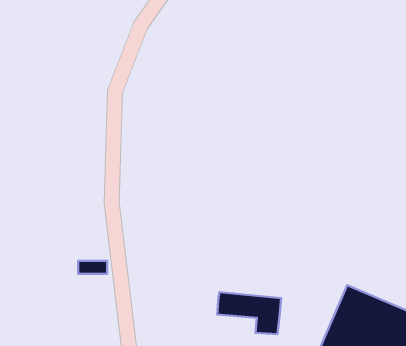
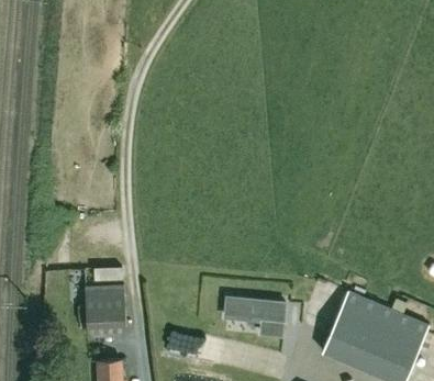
building: none -> [86,284,126,336]

